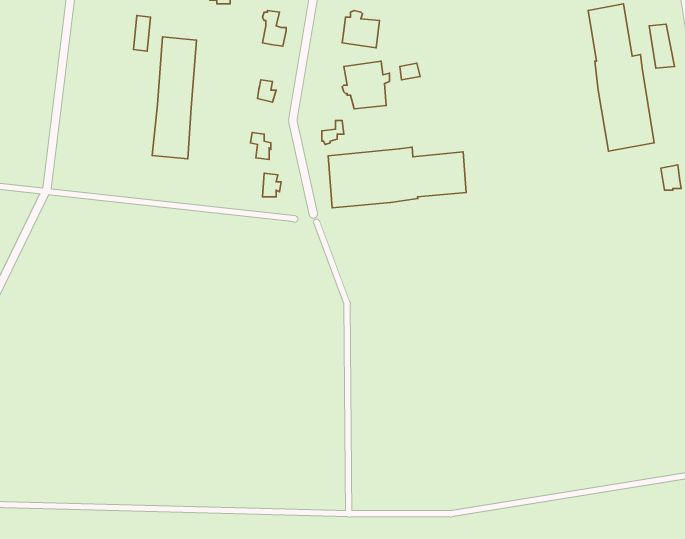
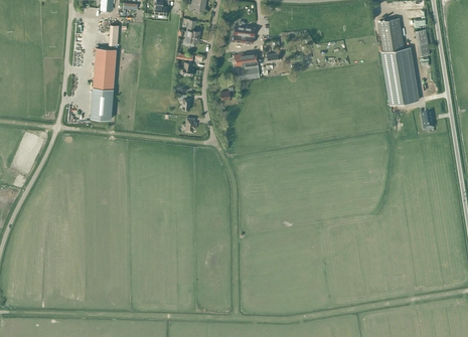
building: [152,37,196,159] -> [91,47,117,120]
building: [328,147,466,208] -> none

